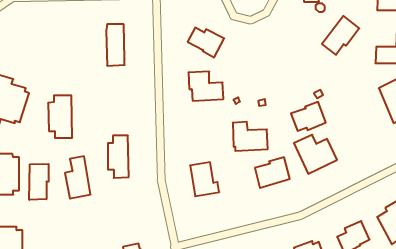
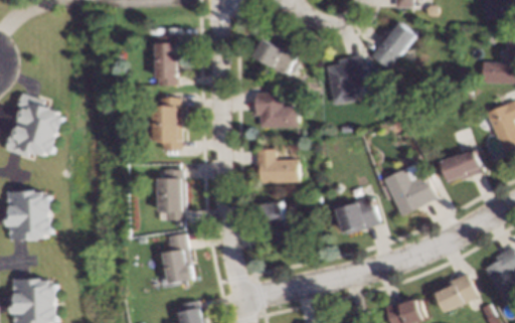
building: [322,16,359,55] -> [371,20,416,67]
building: none -> [327,54,369,104]
building: [48,95,72,138] -> [153,98,182,149]
building: [291,102,326,131] -> [441,146,483,181]
building: [233,122,268,151] -> [256,148,299,183]
building: [65,156,91,199] -> [161,232,192,284]
building: [29,164,49,200] -> none

